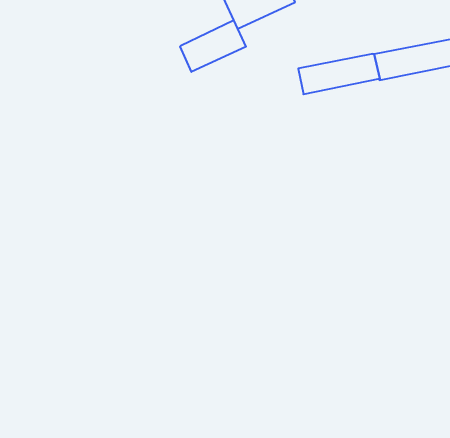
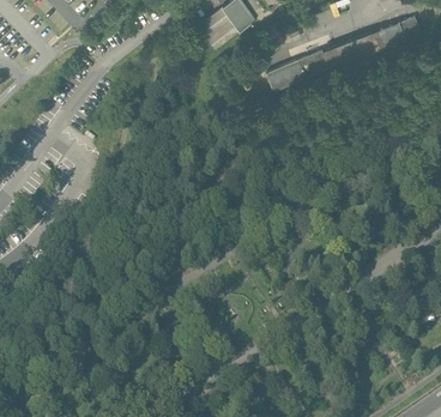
building: [180,20,246,72] -> none

